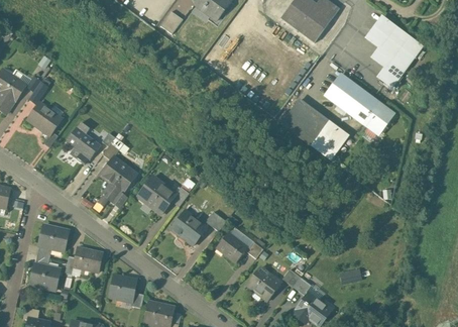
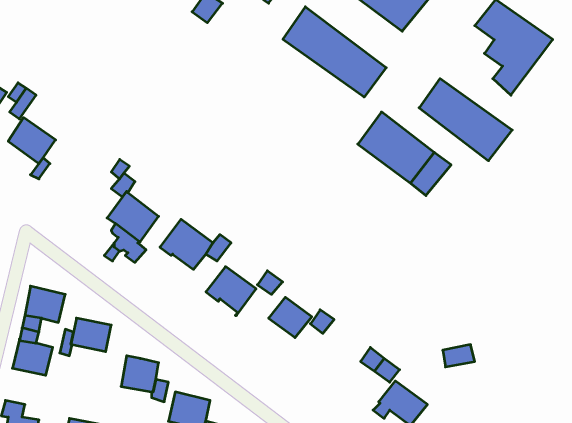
building: none -> [283,7,386,97]
building: [65,121,101,164] -> none
building: [246,266,280,300] -> none

